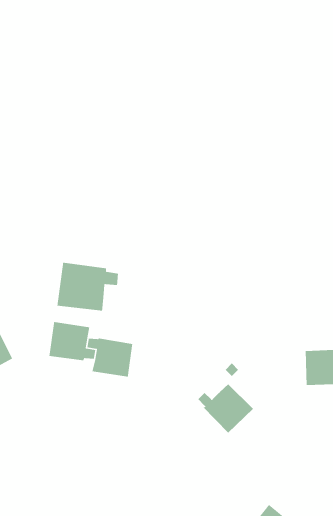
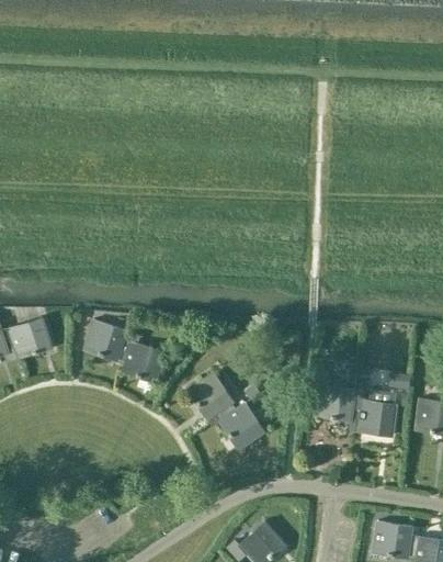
building: [57,262,119,311] -> none
building: none -> [188,373,236,419]

